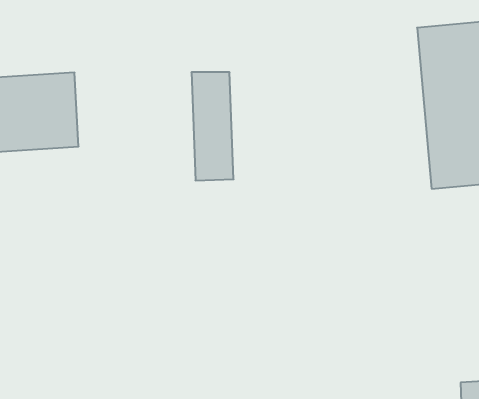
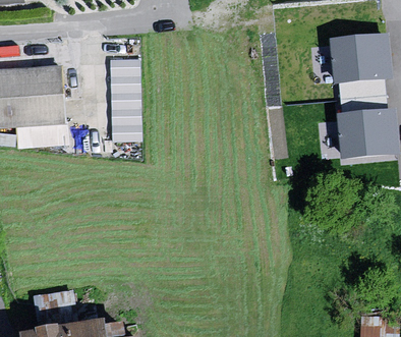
building: [191,72,234,180] -> [109,52,141,135]

